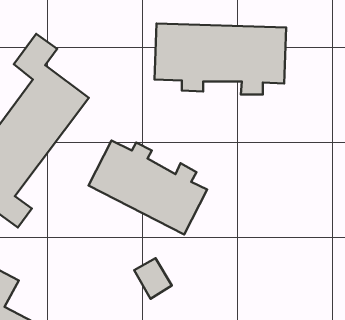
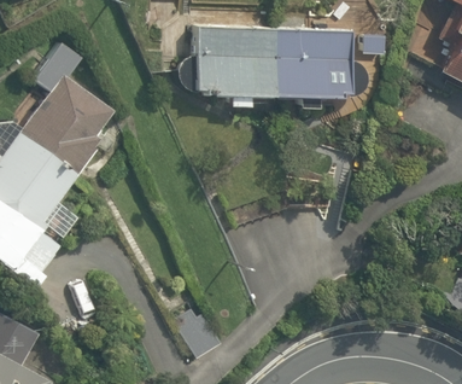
building: [89,140,207,235] -> none

